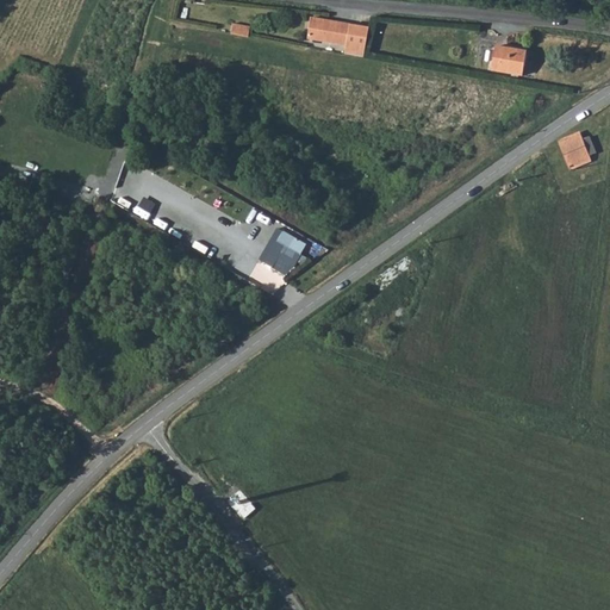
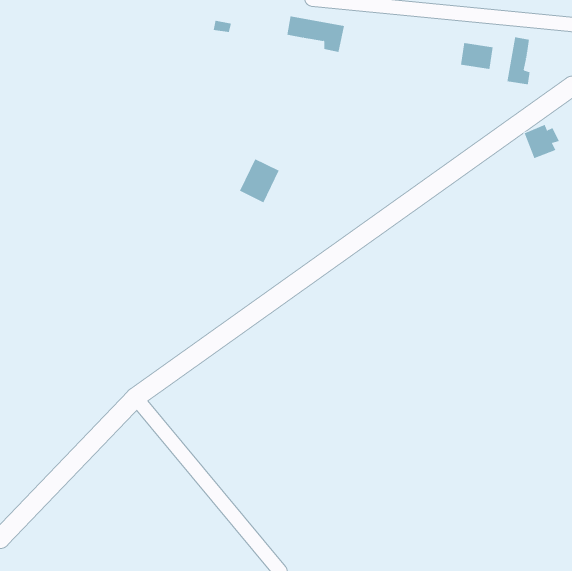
building: none -> [507,36,530,85]
building: [266,228,309,275] -> [239,158,280,203]

